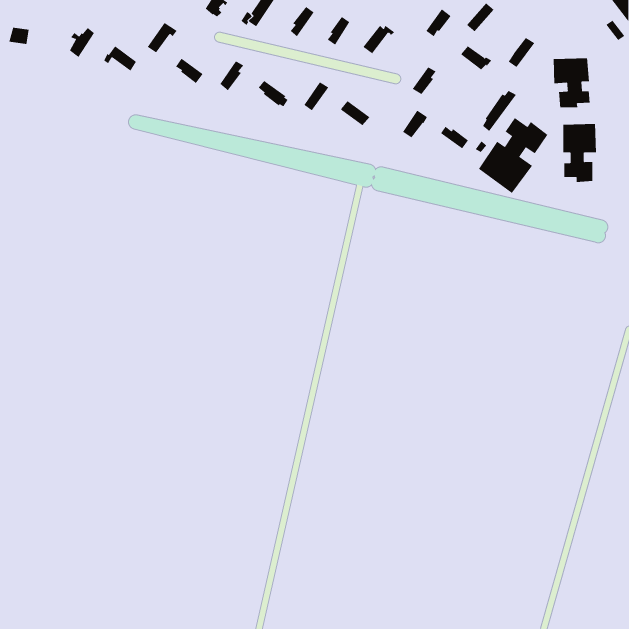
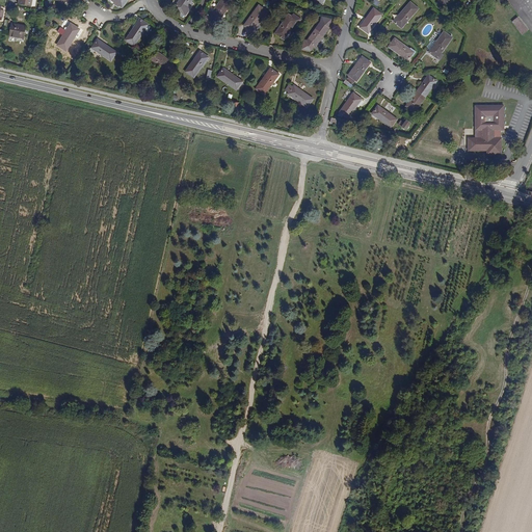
building: [553,57,590,108] -> none
building: [478,117,548,194] -> none

